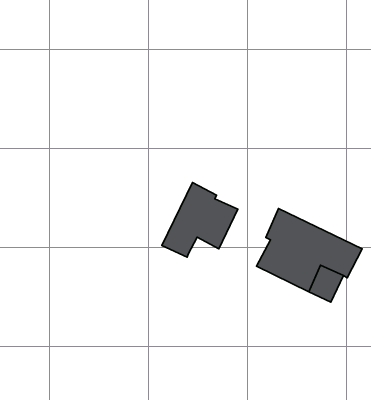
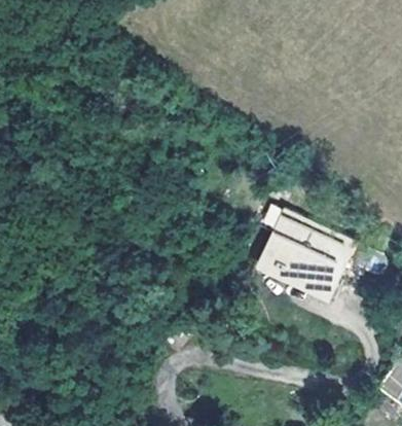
building: [162,183,238,257] -> none

